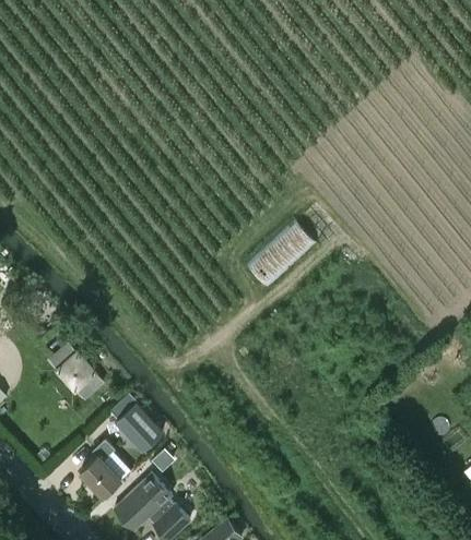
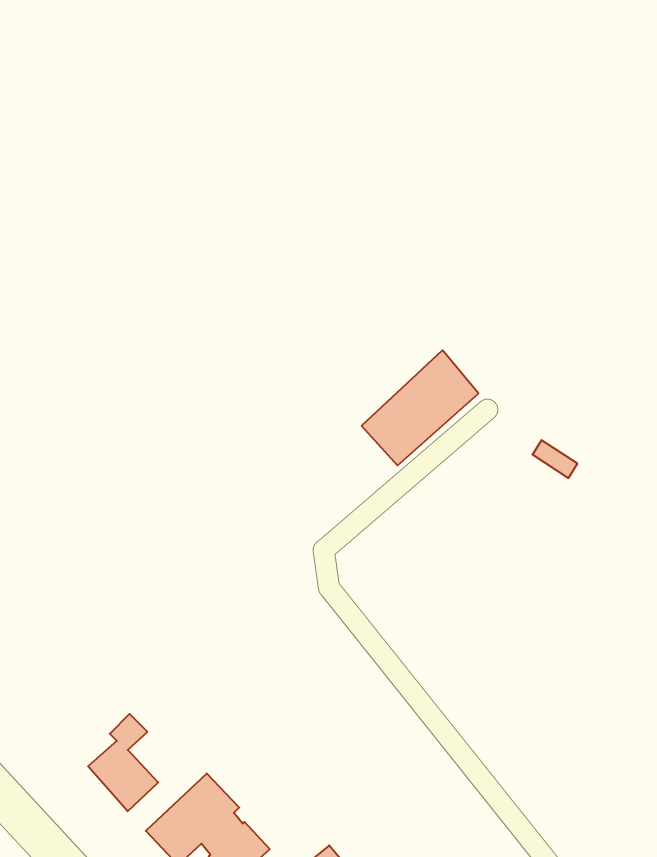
building: [55,350,98,396] -> none
building: [108,395,163,453] -> none

